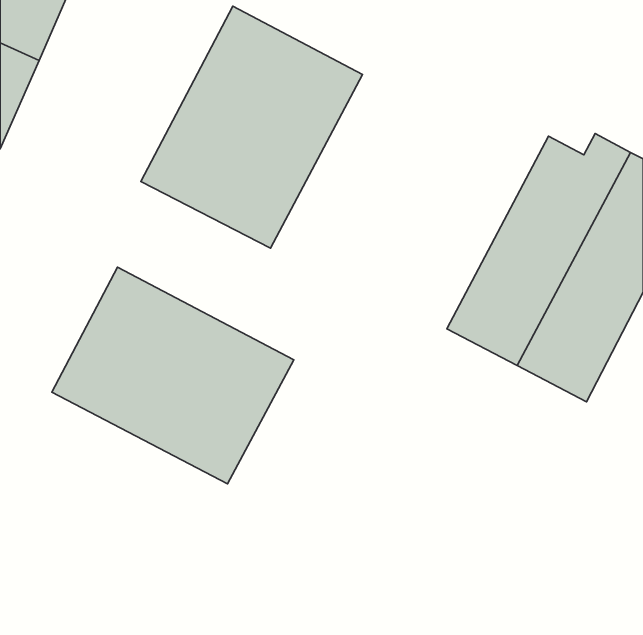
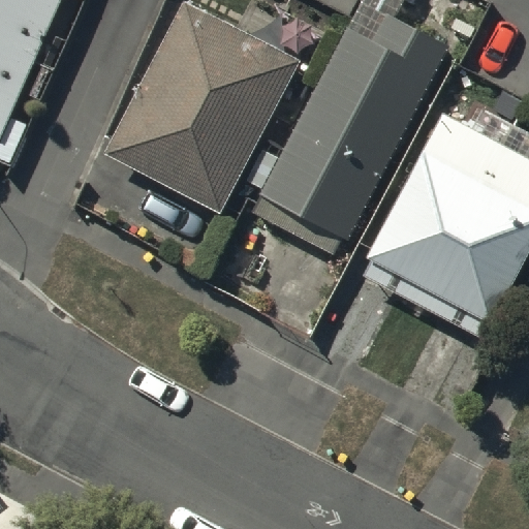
building: none -> [258,17,443,245]
building: [52,267,294,484] -> none

